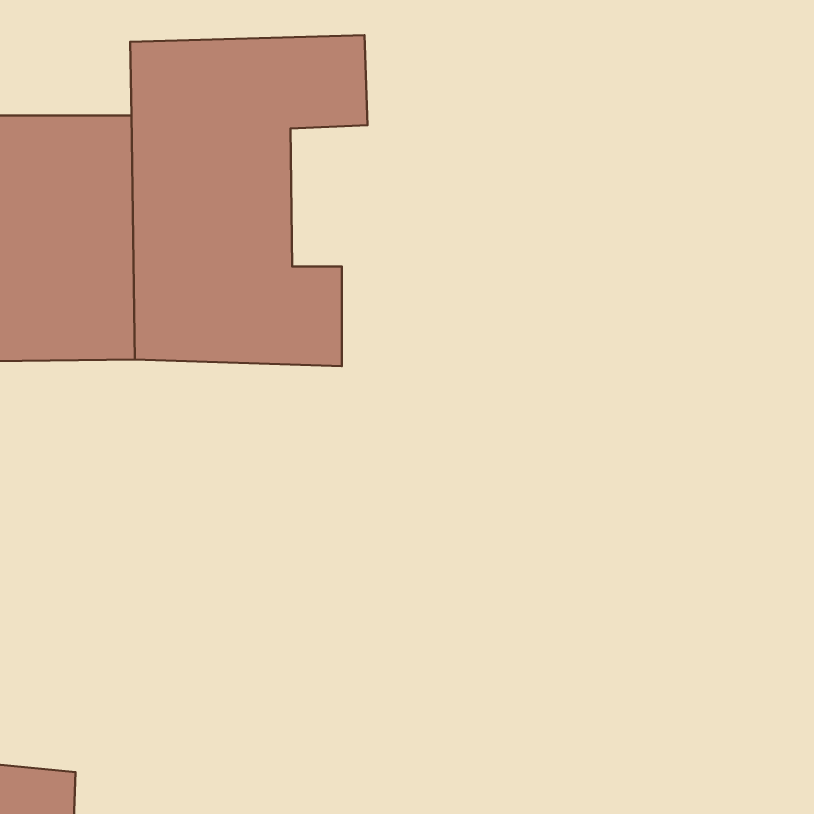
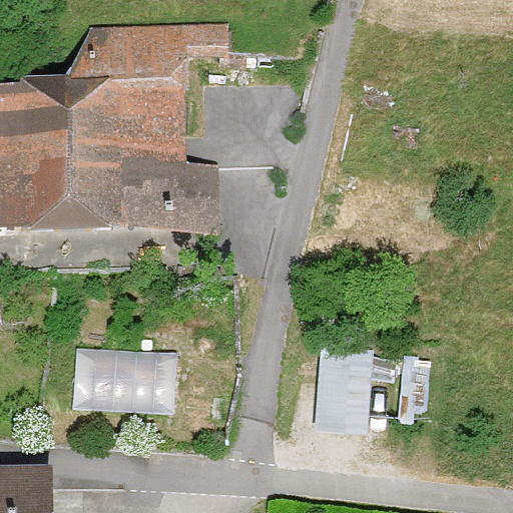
building: none -> [73,345,180,413]
building: none -> [315,350,372,432]

